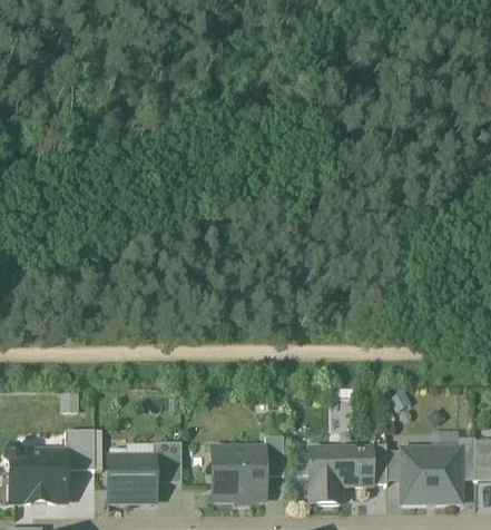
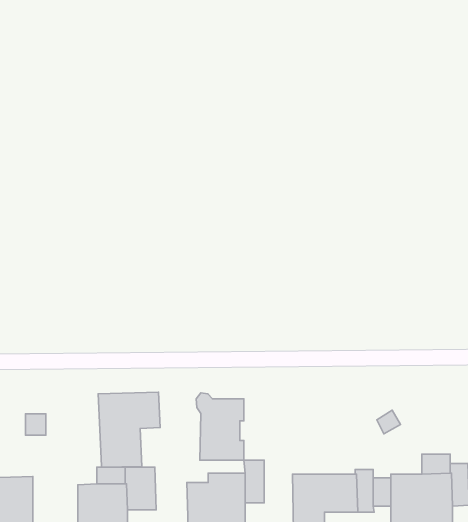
building: none -> [98,392,160,467]
building: none -> [196,393,244,460]
building: [66,430,95,470] -> none

